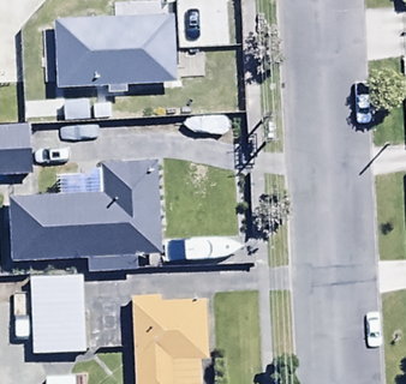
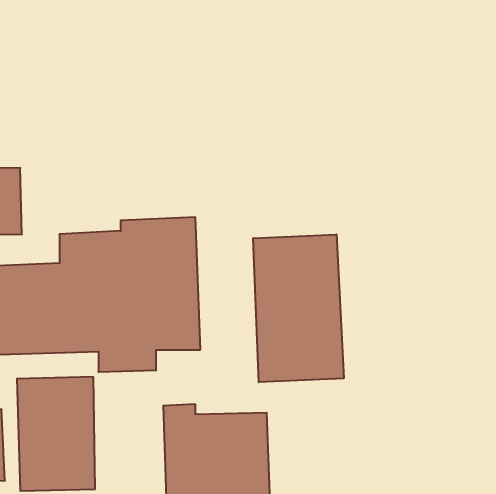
building: [53,14,175,95] -> none
building: none -> [253,234,344,382]

